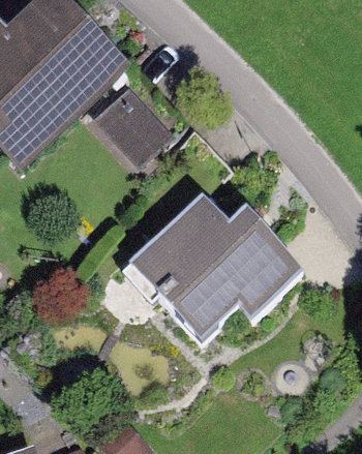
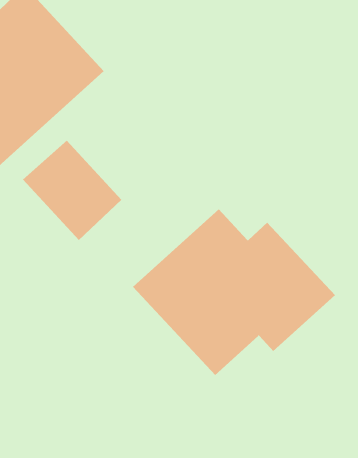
building: [98,78,184,164] -> [22,140,122,241]

